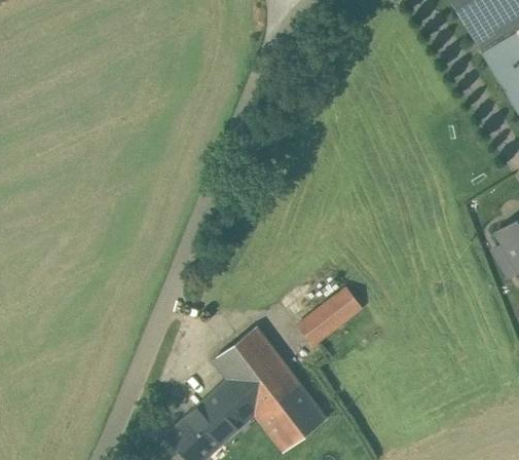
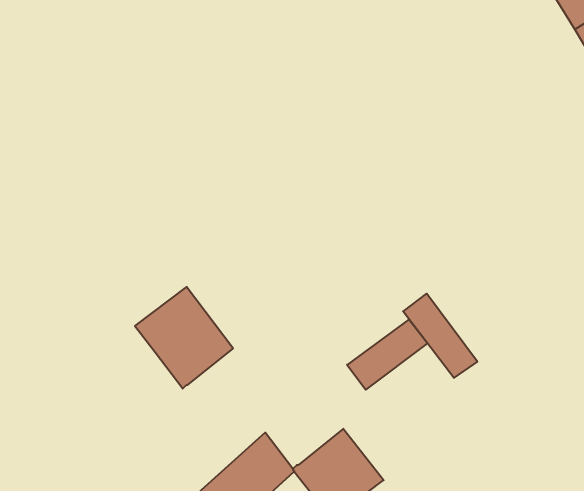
building: none -> [403,294,477,378]
building: [213,327,293,410] -> [135,287,233,389]

